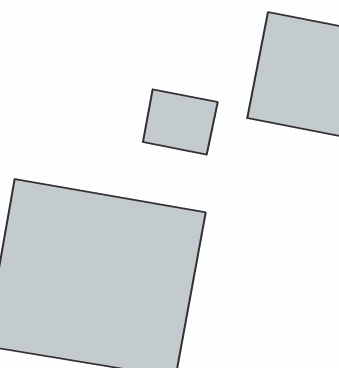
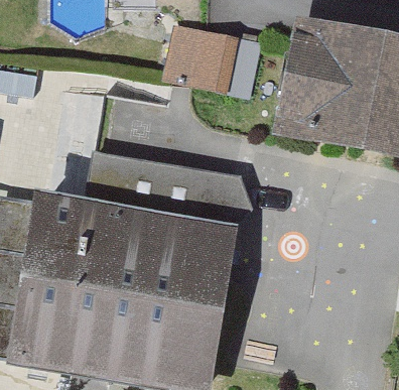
building: [143,89,218,155] -> [163,26,240,93]

